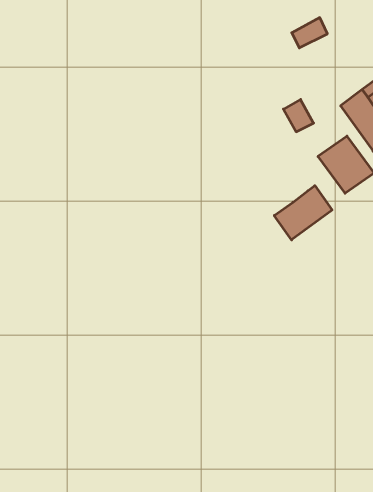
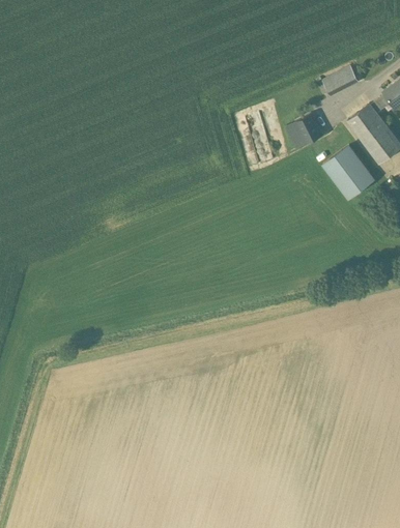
building: [292,18,327,48] -> [320,66,354,95]
building: [274,186,332,240] -> none

